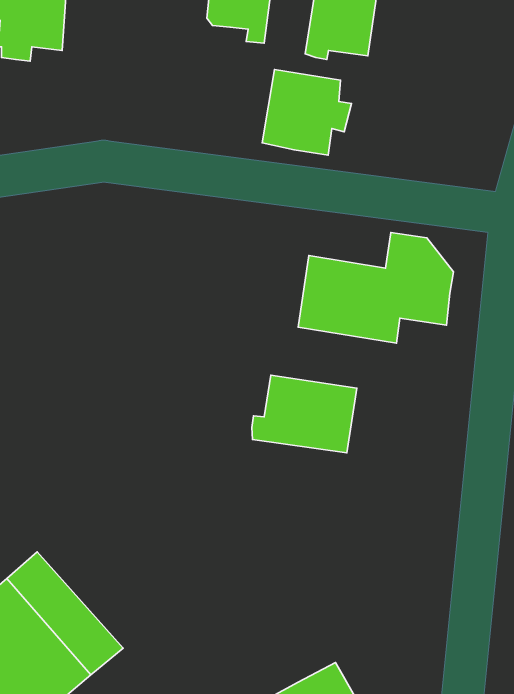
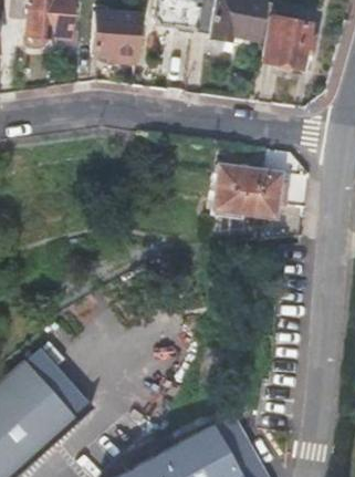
building: none -> [91,11,137,61]
building: [262,70,351,155] -> [260,14,315,68]
building: [252,375,357,453] -> none

